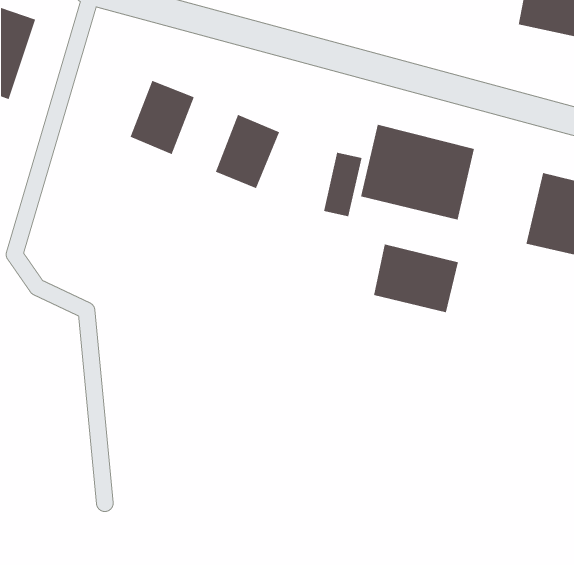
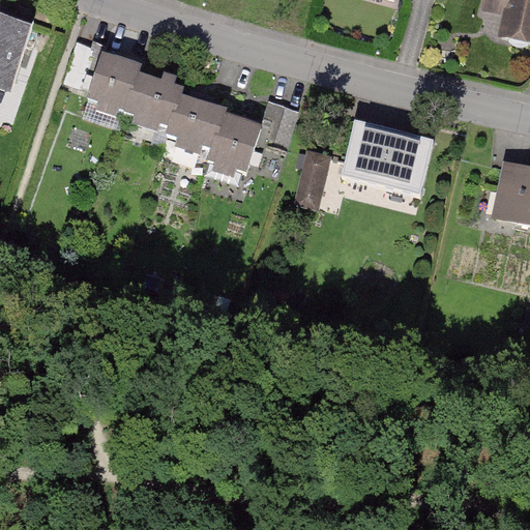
building: none -> [81,58,141,126]
building: none -> [159,89,219,158]
building: none -> [267,95,301,141]
building: [373,243,459,313] -> none

